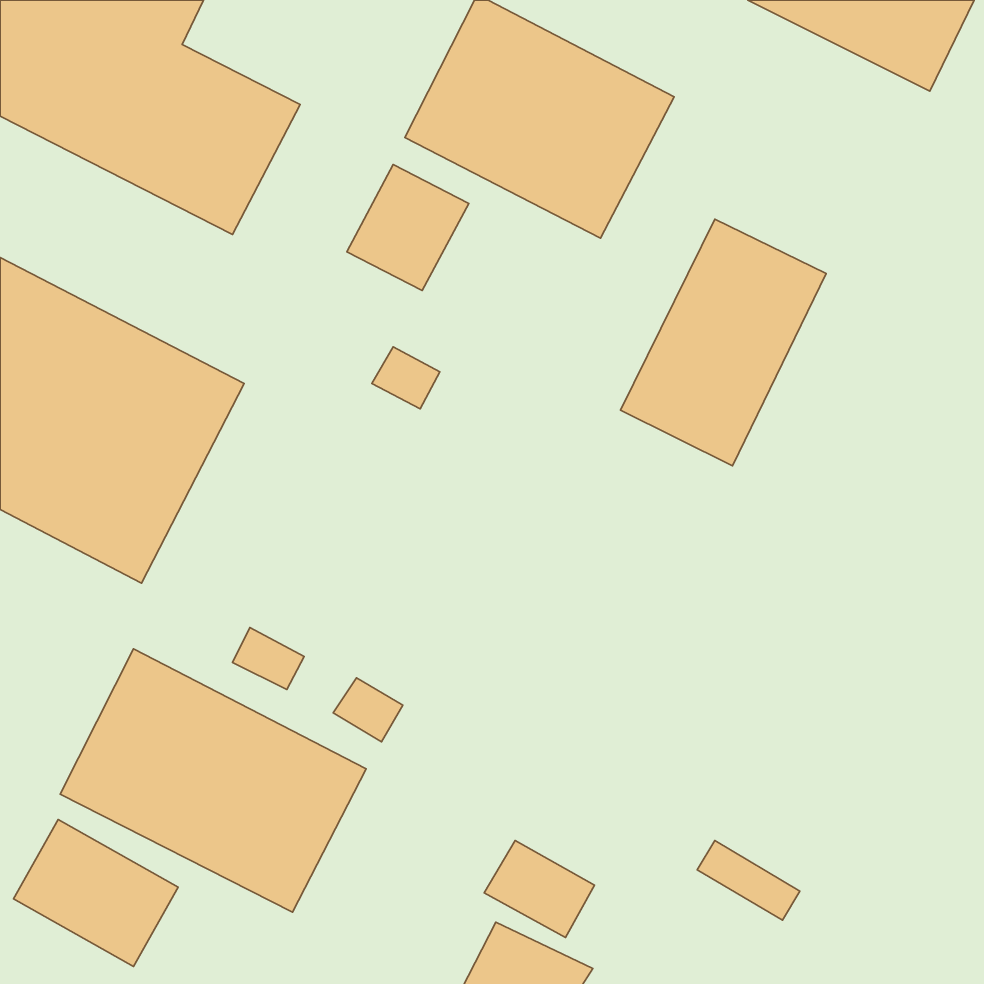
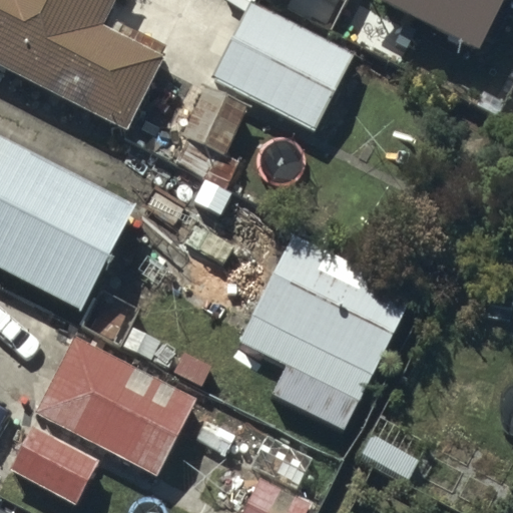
building: [620,219,826,466] -> none
building: none -> [241,236,411,430]

